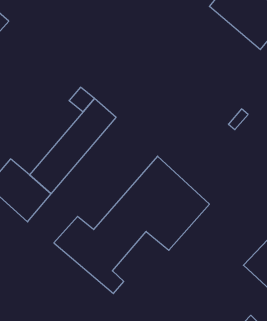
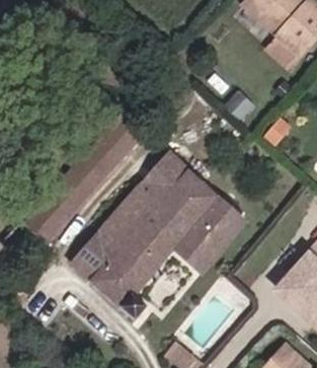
building: none -> [100,154,186,248]

